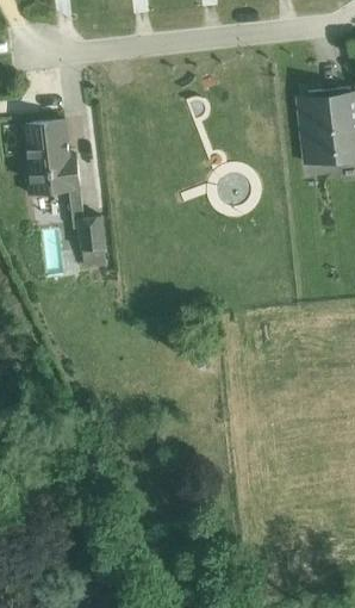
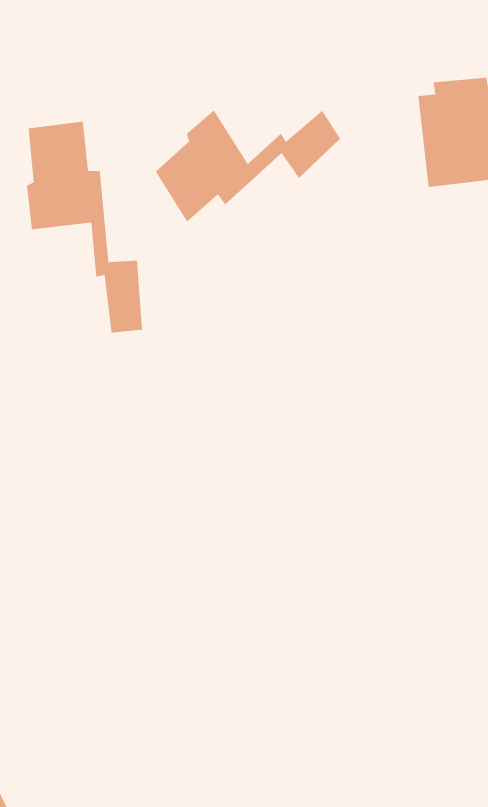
building: none -> [155,109,341,223]

